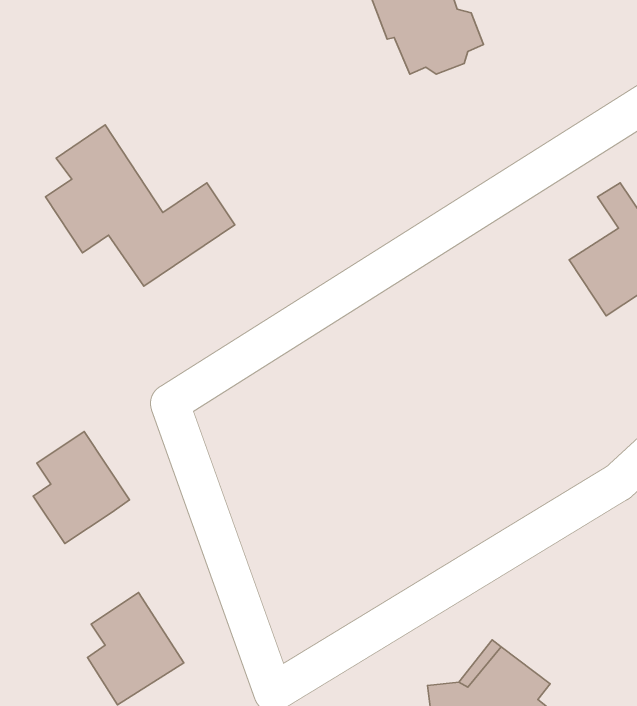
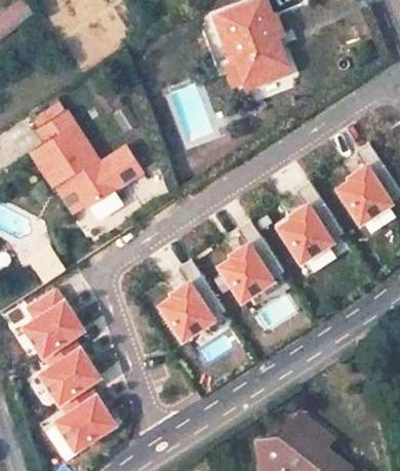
building: none -> [278,184,342,263]
building: none -> [219,223,283,302]
building: none -> [160,262,224,341]
building: none -> [39,339,95,404]

